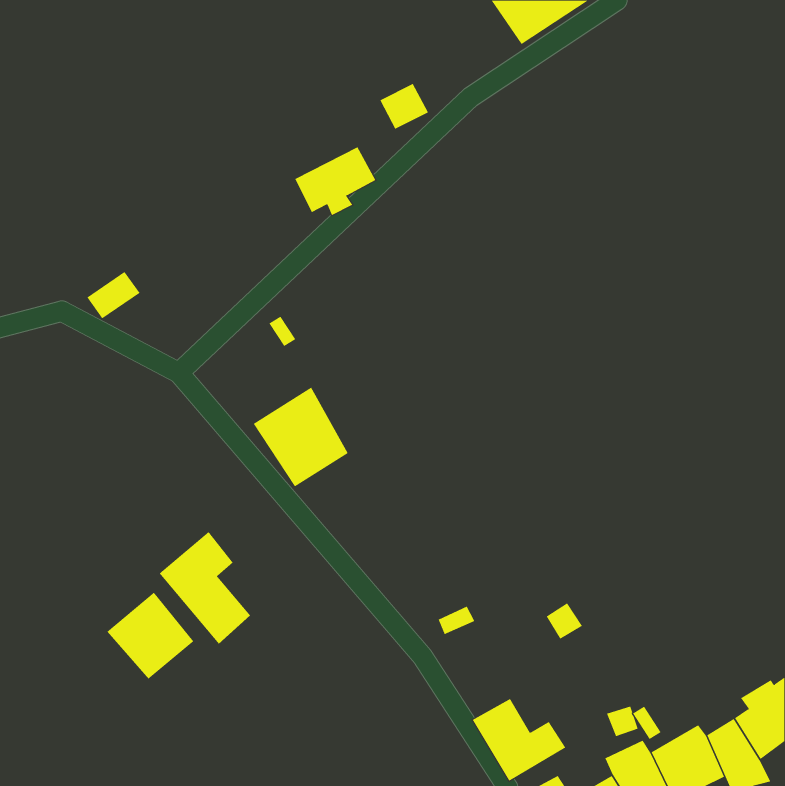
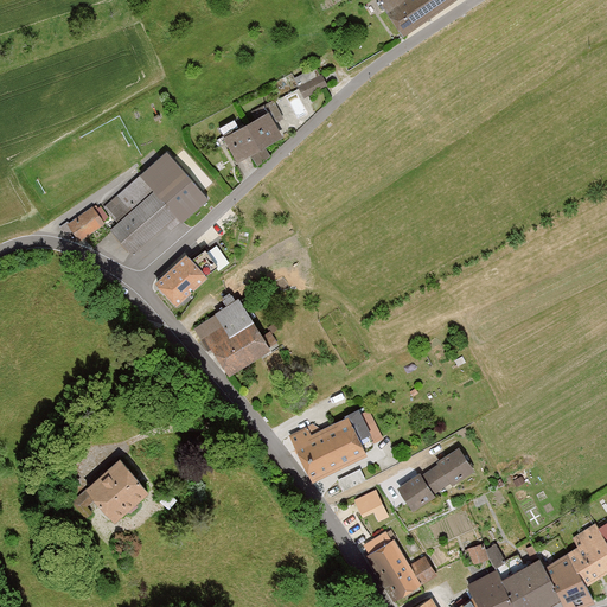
building: none -> [102,152,212,257]
building: none -> [153,254,206,306]
building: none -> [287,408,369,481]
building: [159,531,251,644] -> none
building: none -> [434,448,472,486]
building: none -> [395,473,433,512]
building: none -> [353,488,388,520]

